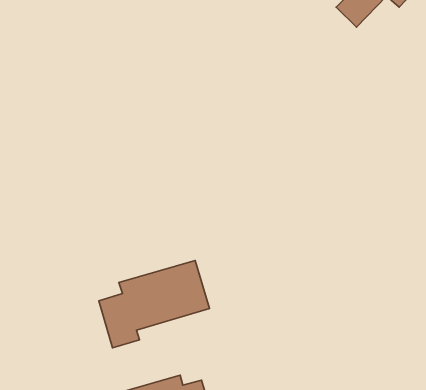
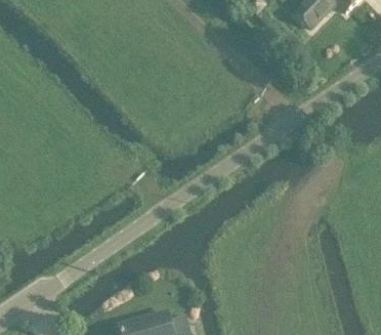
building: [99,260,209,348] -> none

